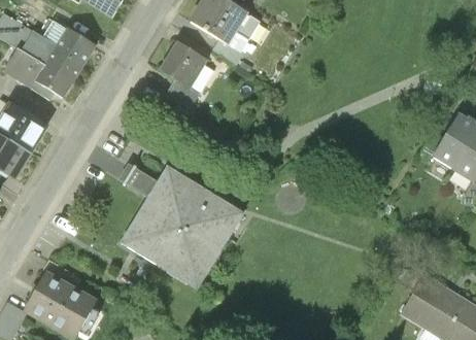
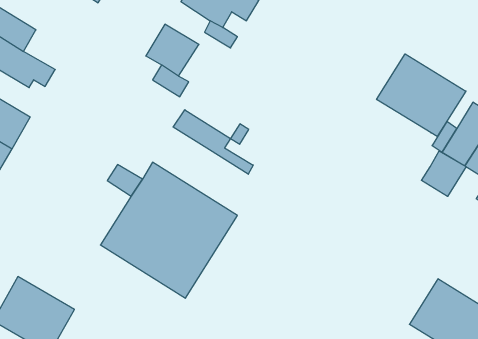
building: [47,27,98,81] -> none
building: none -> [377,54,466,137]
building: none -> [173,110,253,174]
building: none -> [421,151,466,196]

